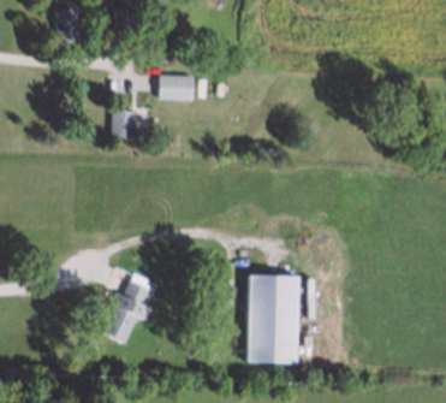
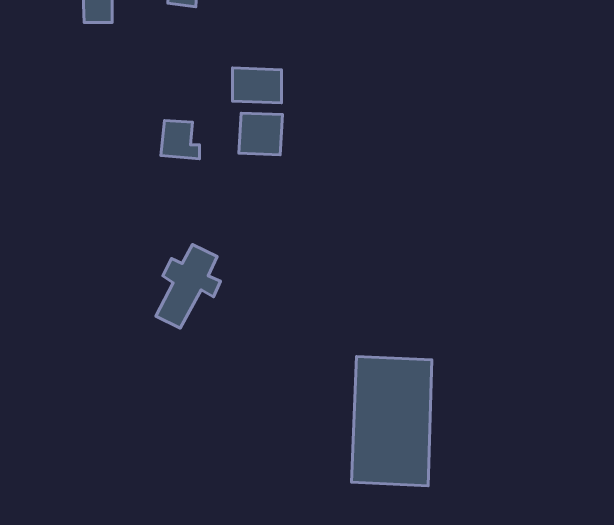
building: none -> [239,113,283,155]
building: [107,281,151,339] -> [156,244,221,328]

